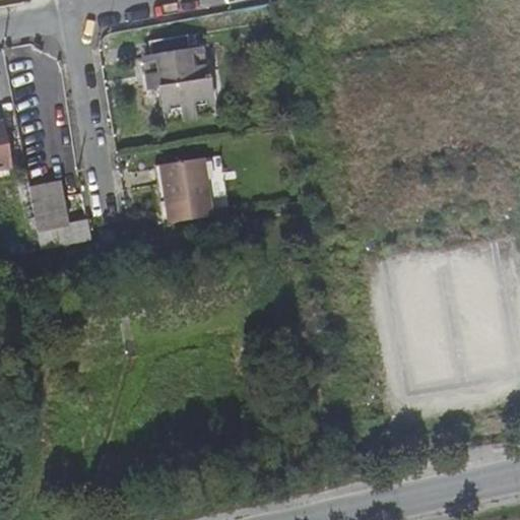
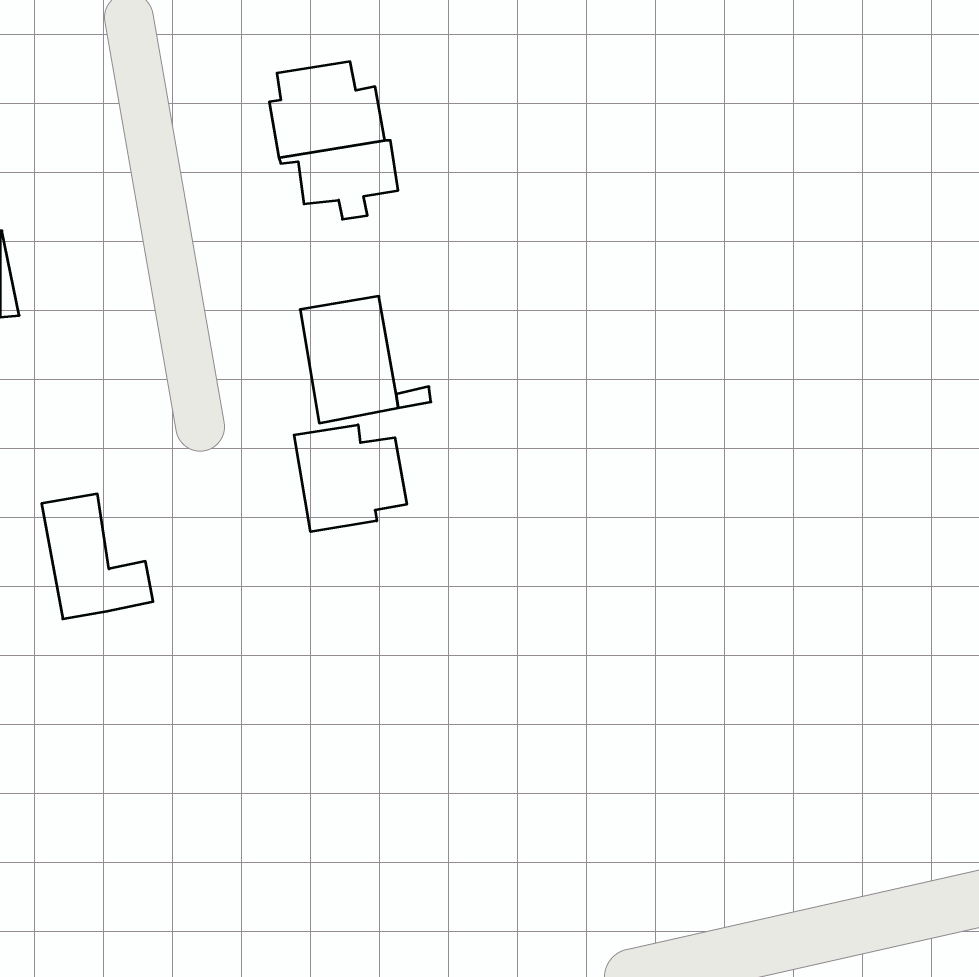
building: [31,181,90,247] -> [42,494,153,619]
building: none -> [294,425,407,532]

